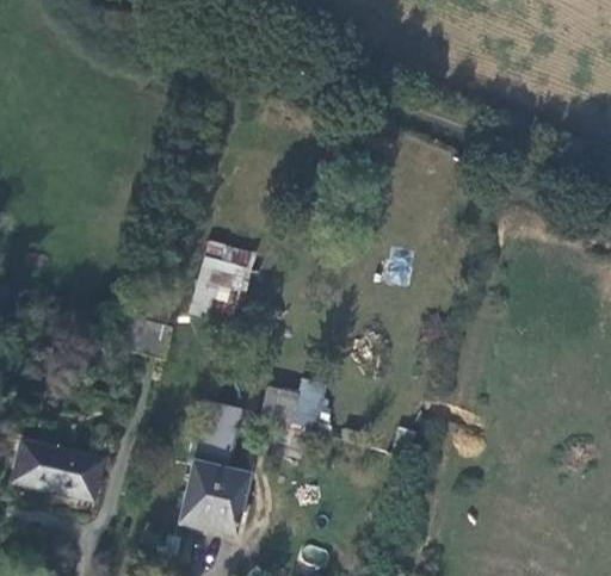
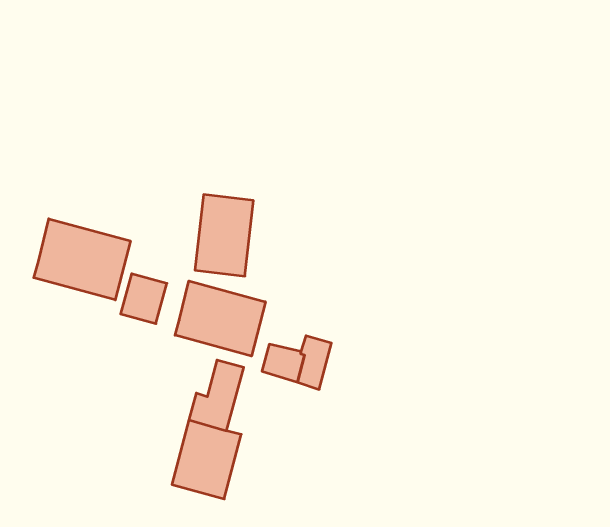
building: none -> [34,219,130,300]
building: none -> [175,281,265,356]
building: [12,436,99,496] -> none

